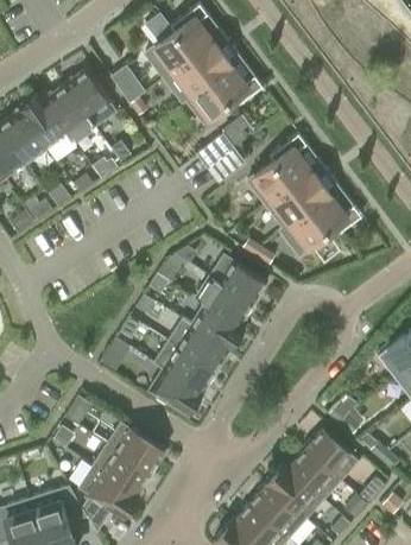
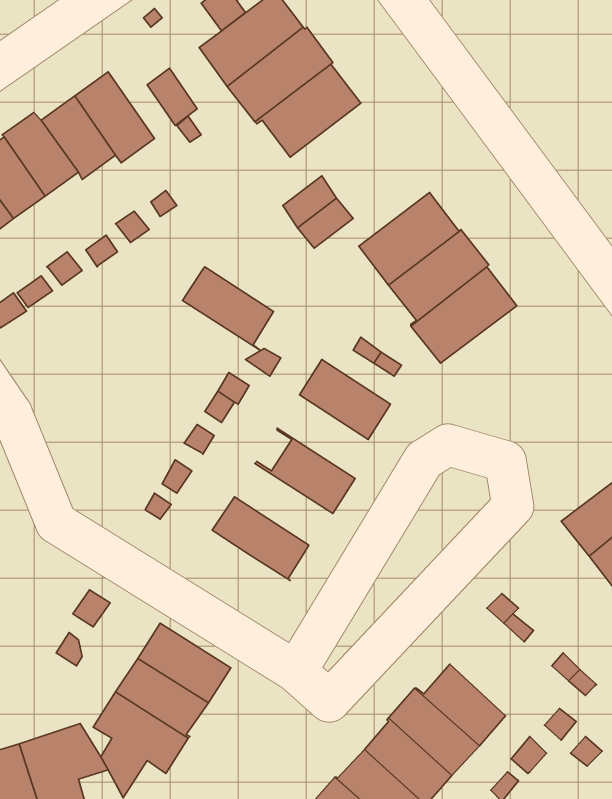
building: [195,275,253,329] -> [183,267,274,351]
building: [167,319,230,372] -> none
building: [148,362,203,417] -> none
building: [305,429,359,481] -> none

